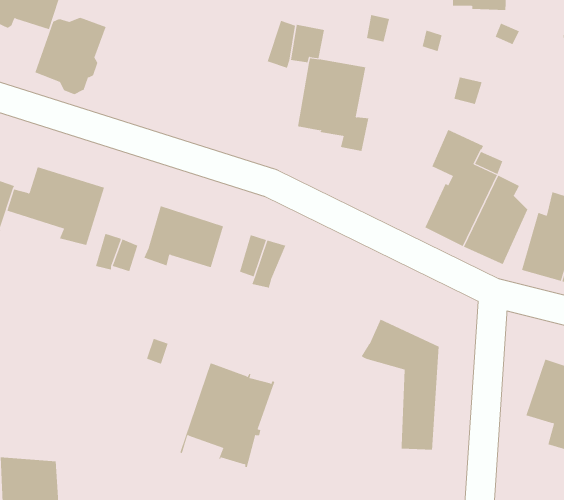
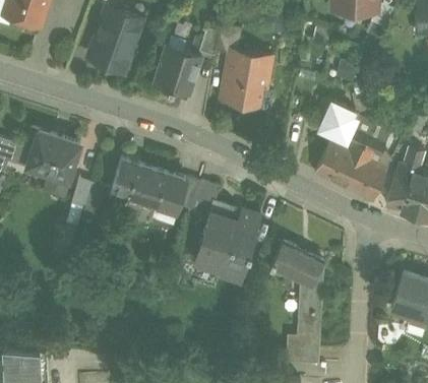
building: [34,17,106,95] -> [89,13,142,70]
building: none -> [154,48,200,94]
building: none -> [157,174,186,212]
building: [180,362,275,468] -> [190,202,260,279]
building: none -> [286,335,320,365]

